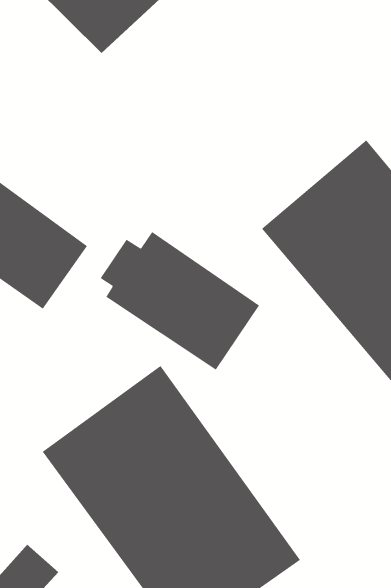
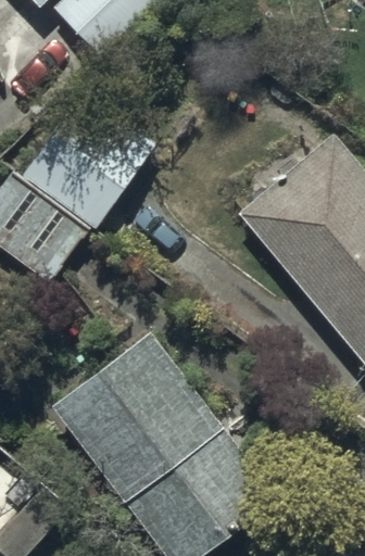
building: none -> [22,92,155,229]
building: [100,231,260,370] -> none

